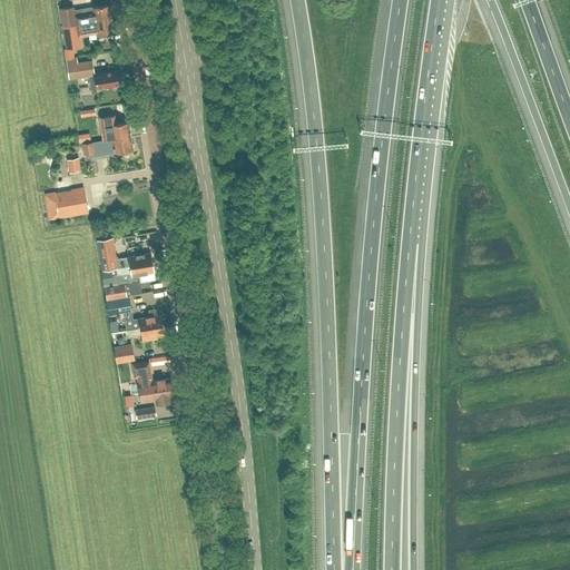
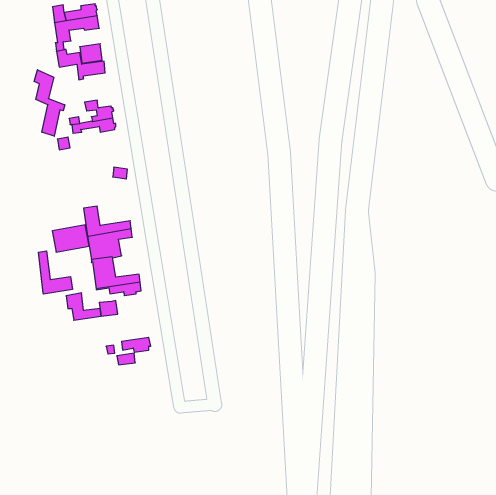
building: none -> [34,70,65,136]
building: [46,189,88,220] -> [52,225,89,252]
building: none -> [38,251,72,294]
building: [131,362,171,393] -> [66,293,101,320]

